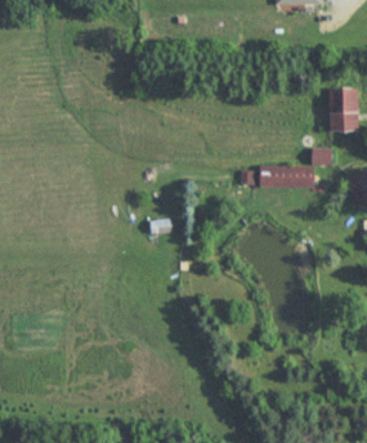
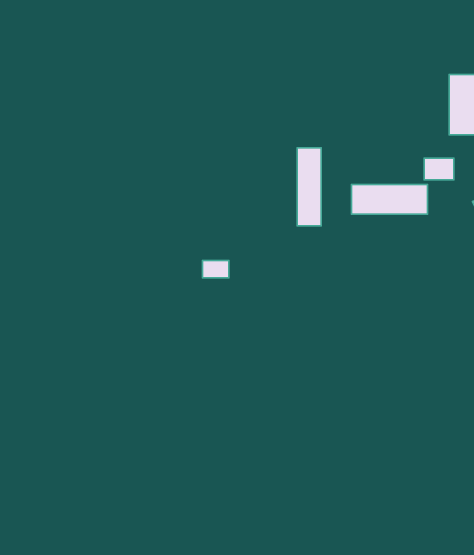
building: none -> [297,148,321,226]

